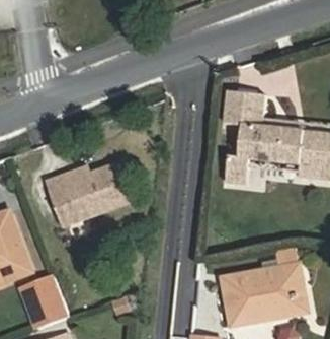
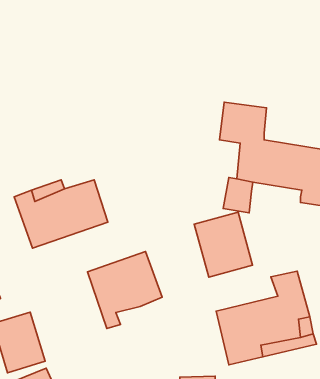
building: none -> [194,212,253,277]
building: none -> [87,252,162,328]

